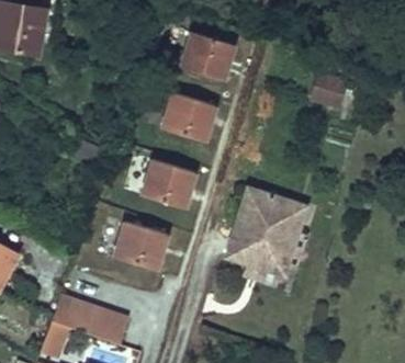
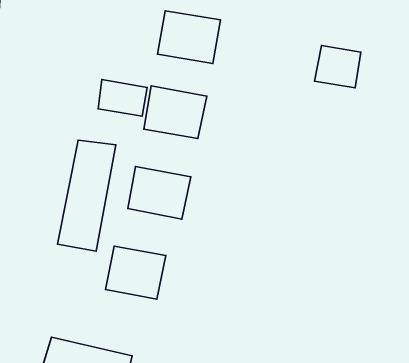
building: none -> [98,79,147,116]
building: none -> [58,140,116,251]
building: [228,192,302,273] -> none

